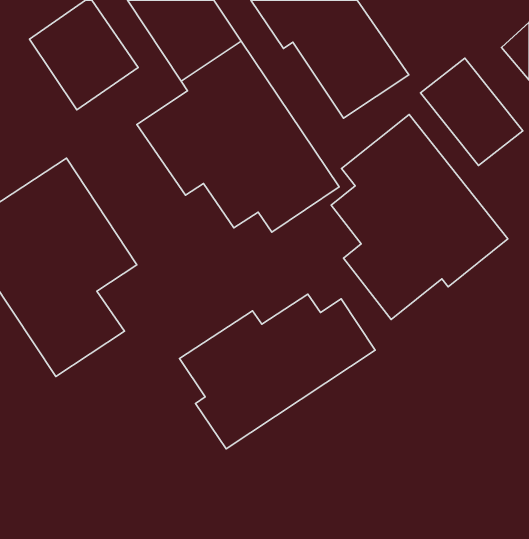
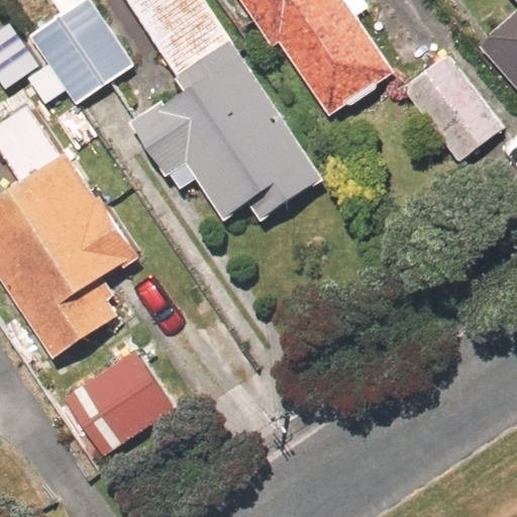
building: [331,114,508,319] -> none
building: [180,294,375,449] -> none
building: none -> [64,350,171,454]

